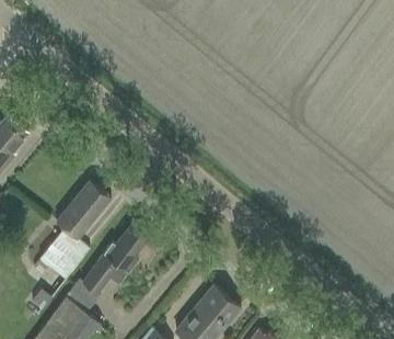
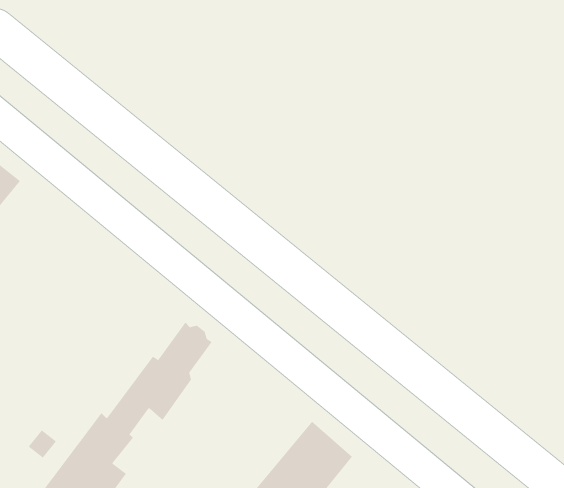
building: [39,181,111,280] -> none

